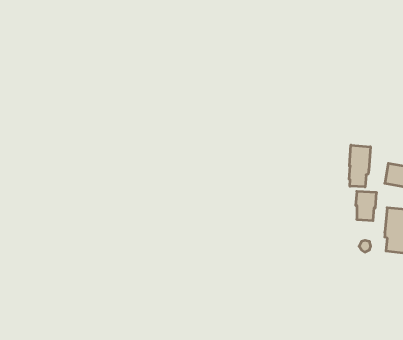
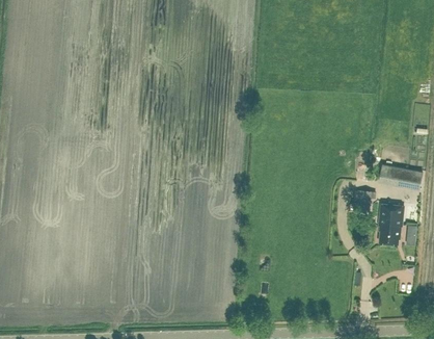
building: [349,145,370,187] -> none

